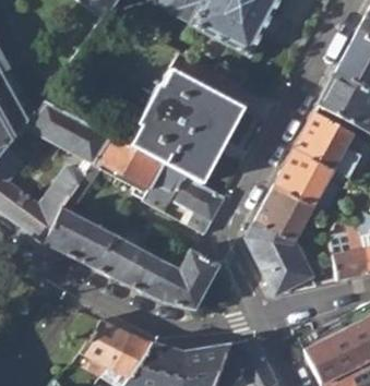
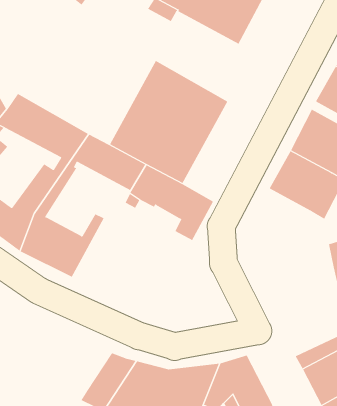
building: [248,184,318,294] -> none
building: [95,206,218,309] -> none
building: [82,321,131,378] -> none

